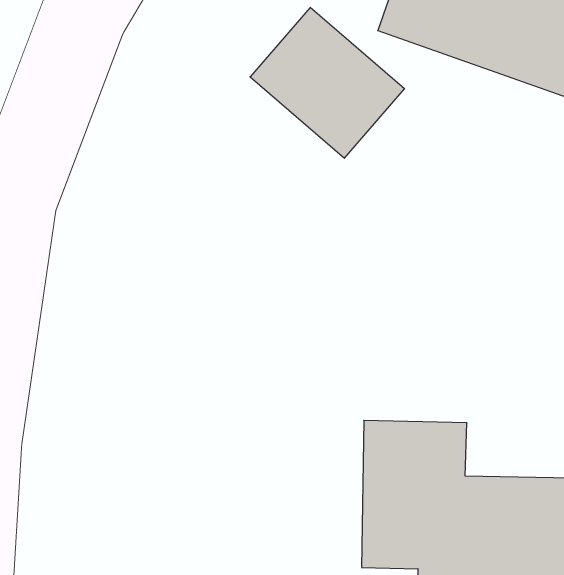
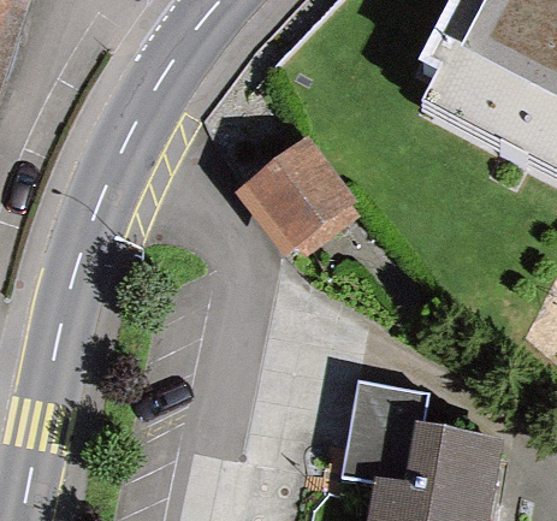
building: [250,7,405,158] -> [244,140,362,260]

